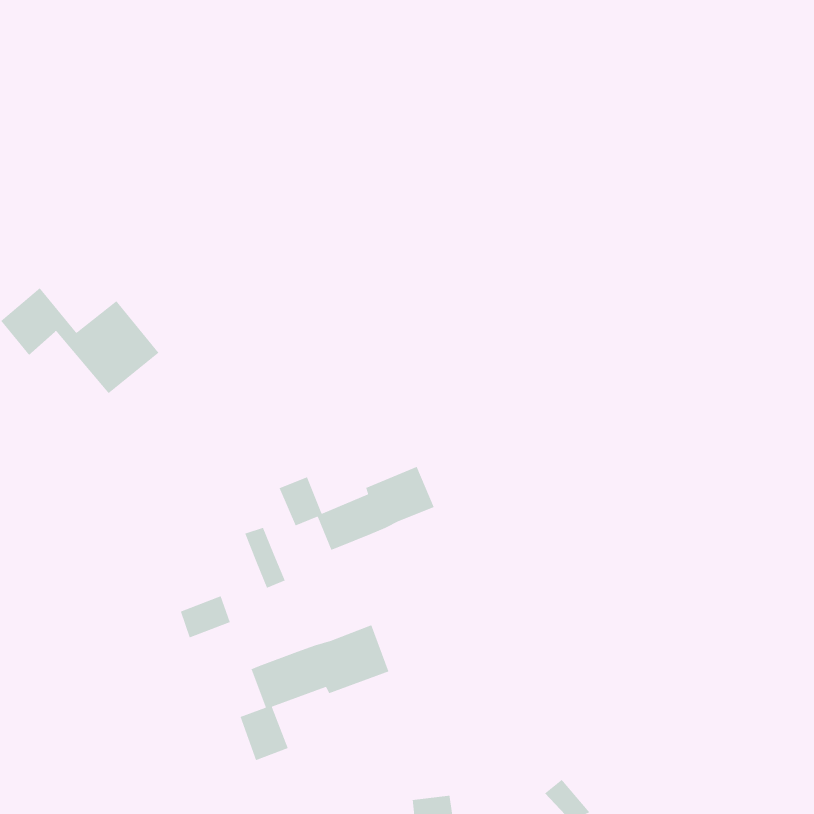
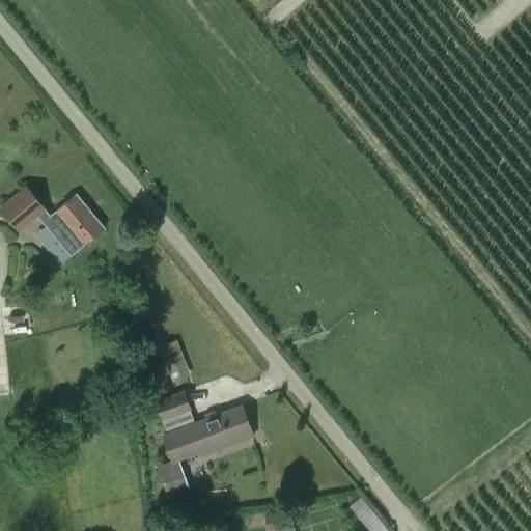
building: [279,466,435,551] -> none
building: [180,595,231,638] -> [157,392,190,420]

